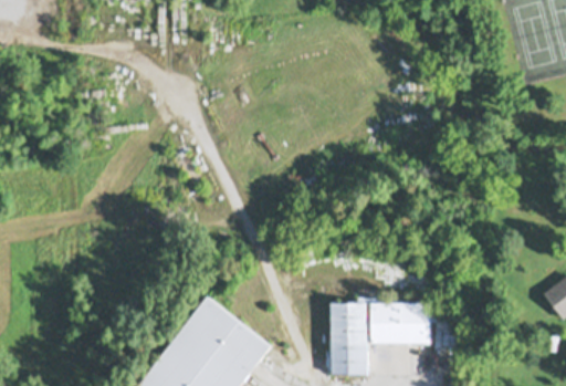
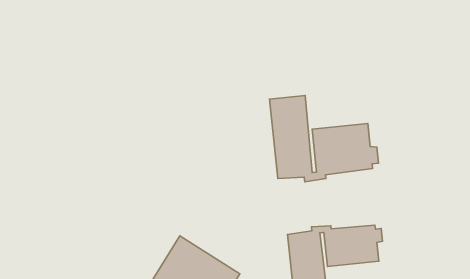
building: none -> [269,96,378,182]

